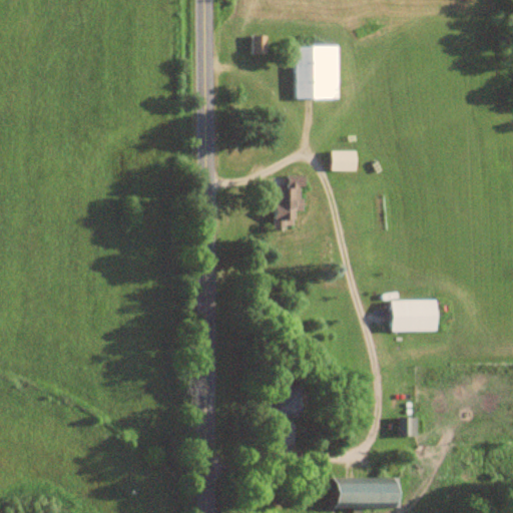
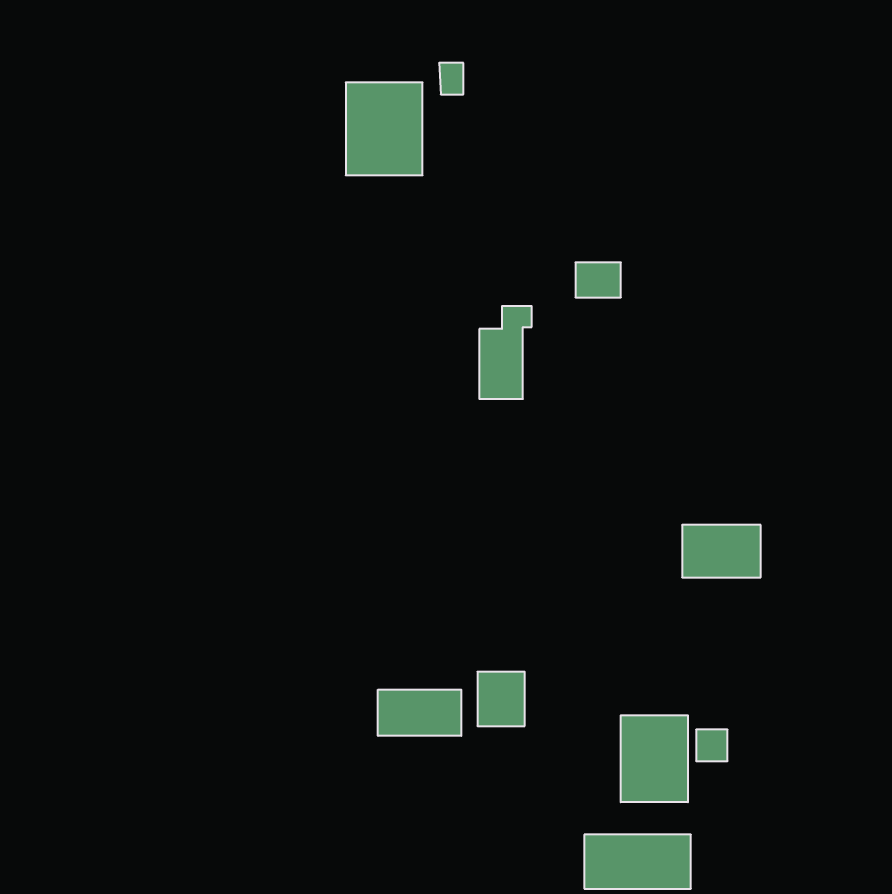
building: [295,46,339,99] -> [346,82,423,175]
building: none -> [378,690,461,736]
building: none -> [621,715,688,802]

